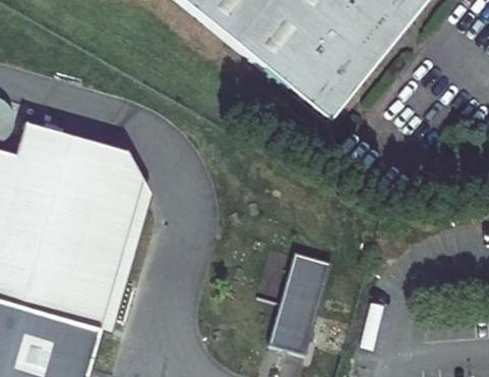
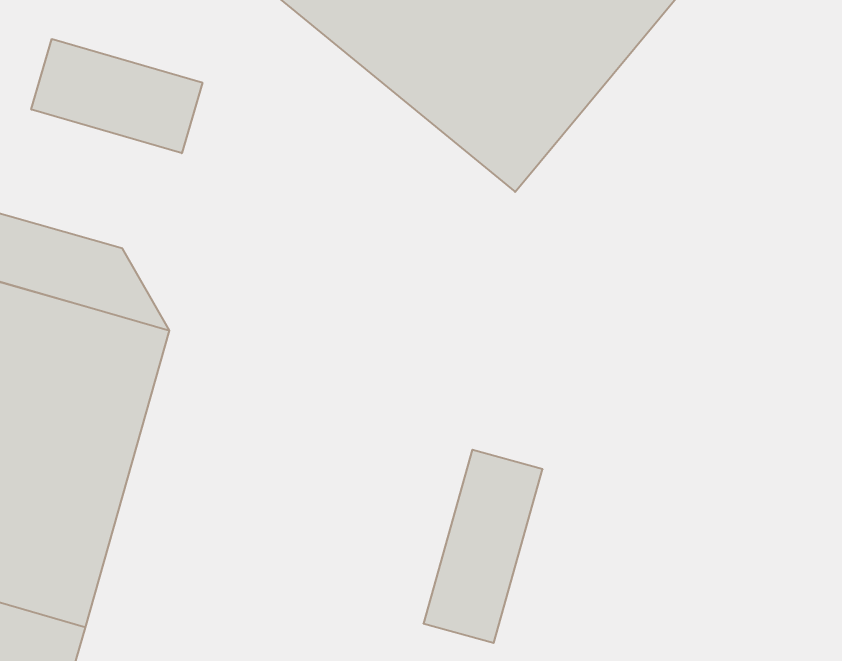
building: none -> [31,39,202,153]

